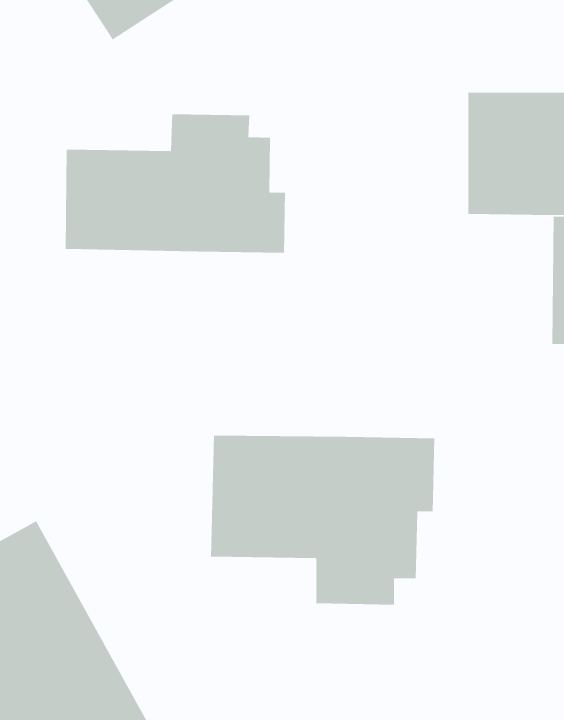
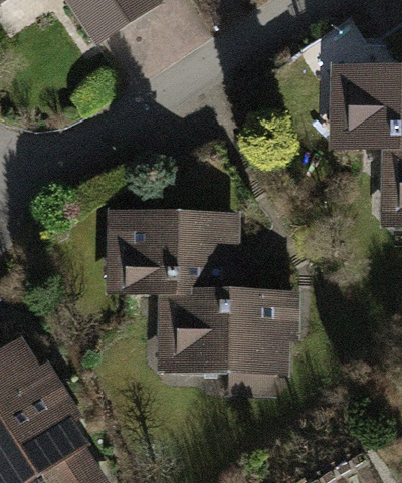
building: [65,114,286,253] -> none
building: none -> [102,210,248,289]

